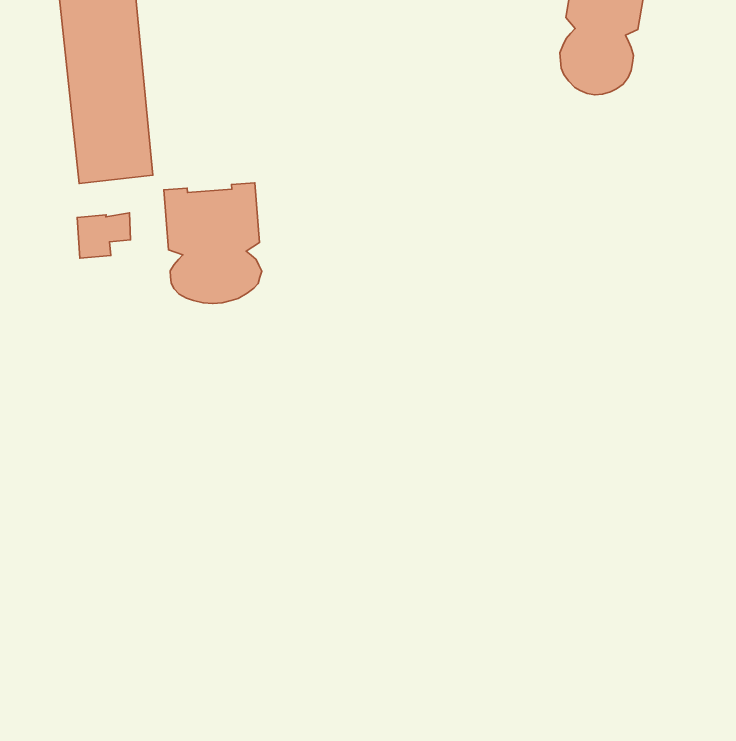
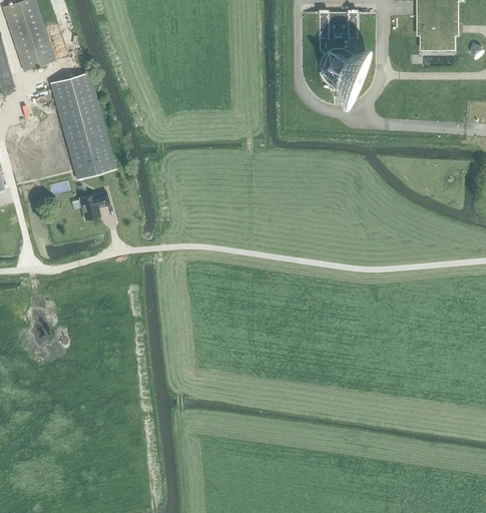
building: [164,183,262,304] -> none

